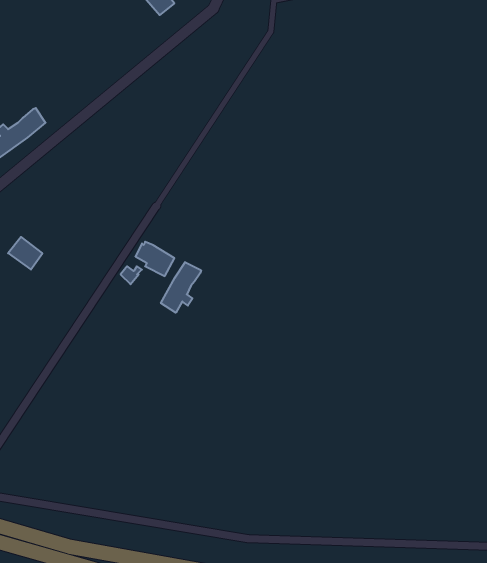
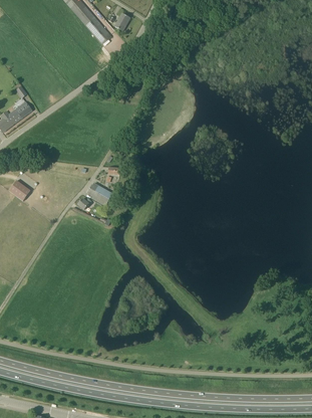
building: [161,262,201,313] -> none

